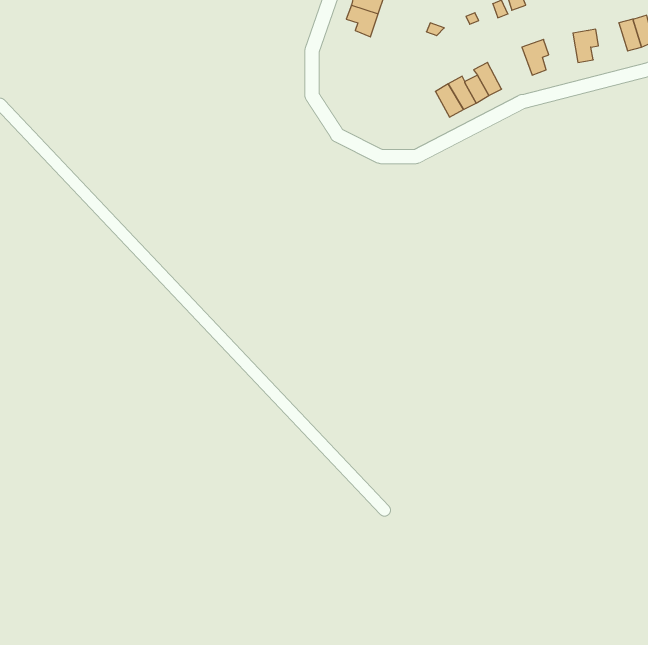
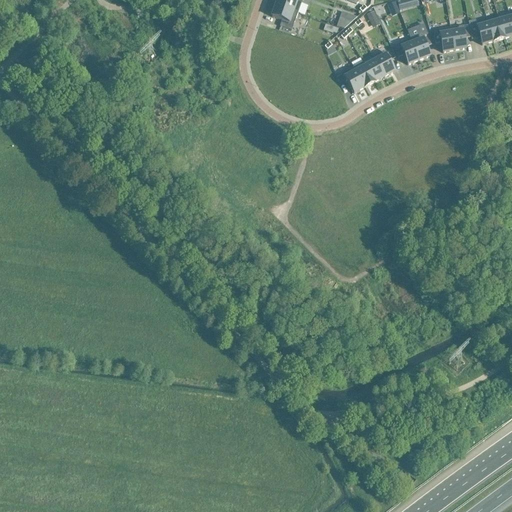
building: none -> [470,18,495,43]
building: none -> [434,26,456,51]
building: none -> [395,37,420,63]

